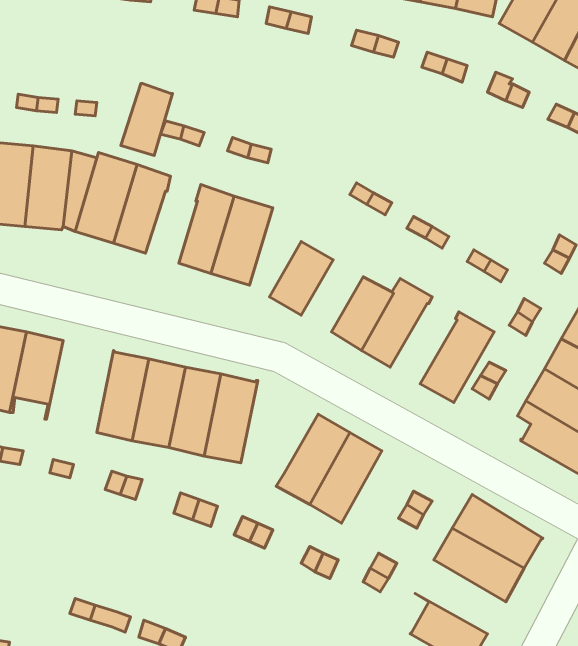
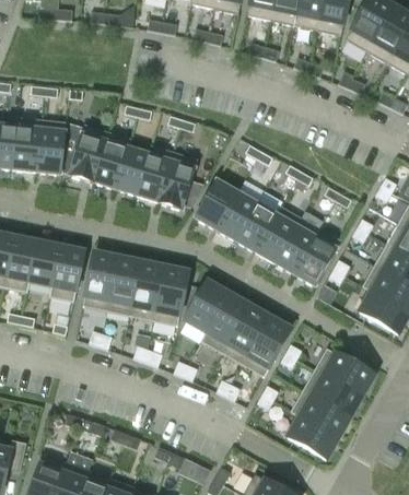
building: [121,83,173,155] -> [115,148,149,195]
building: none -> [217,192,257,239]
building: none -> [274,221,318,273]
building: none -> [50,245,85,302]
building: none -> [185,281,227,331]
building: none -> [243,317,291,376]
building: none -> [291,388,350,436]

